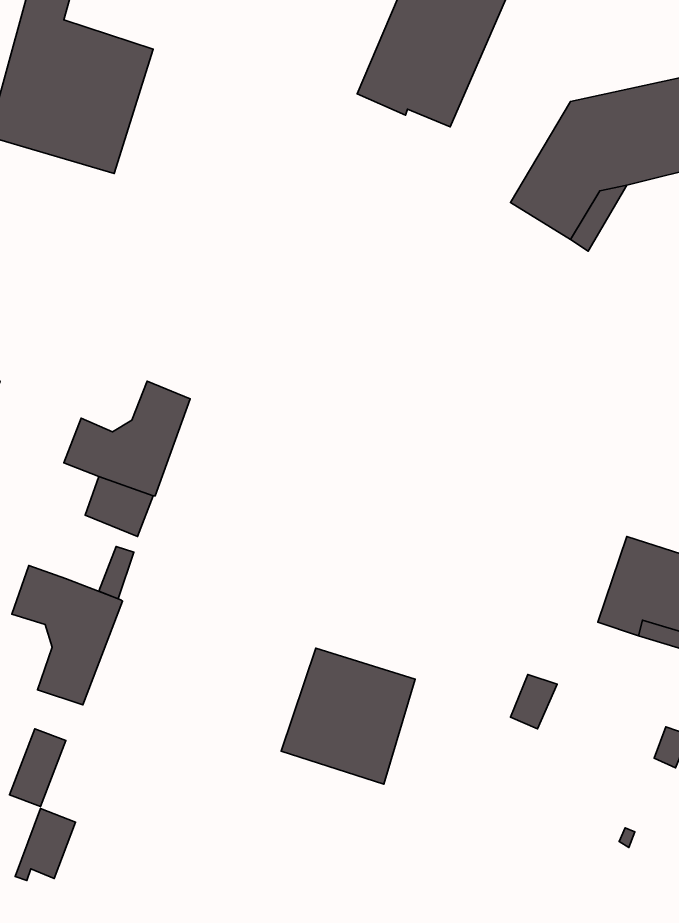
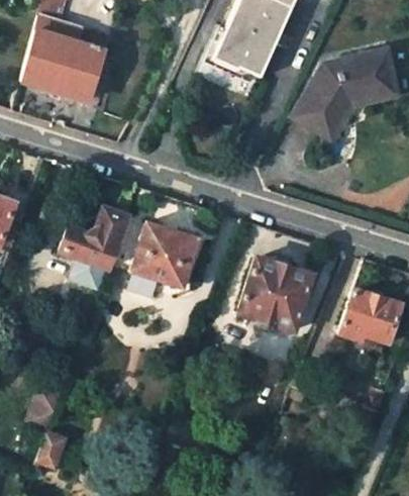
building: none -> [130,197,196,287]
building: [12,566,122,705] -> none
building: [281,648,415,784] -> [238,260,308,330]

